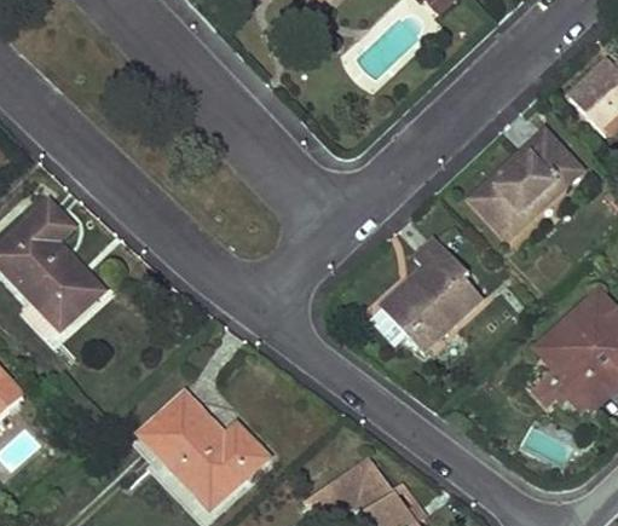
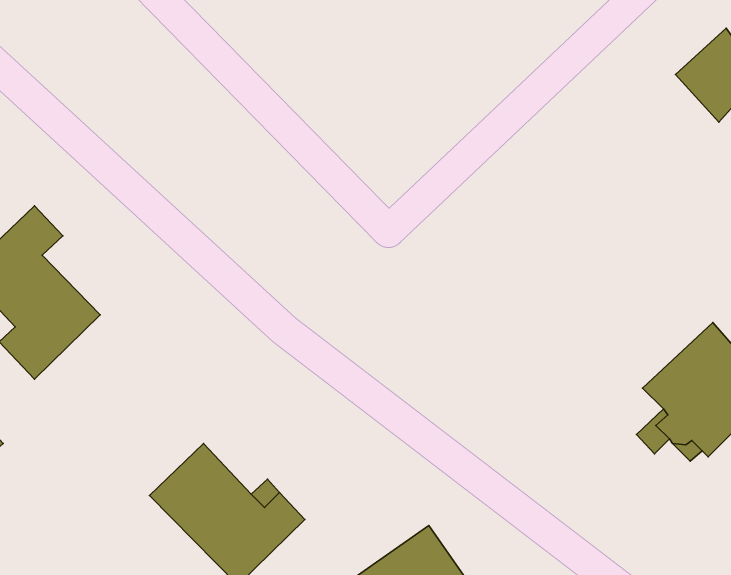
building: [472,127,582,233] -> none
building: [371,236,481,349] -> none

